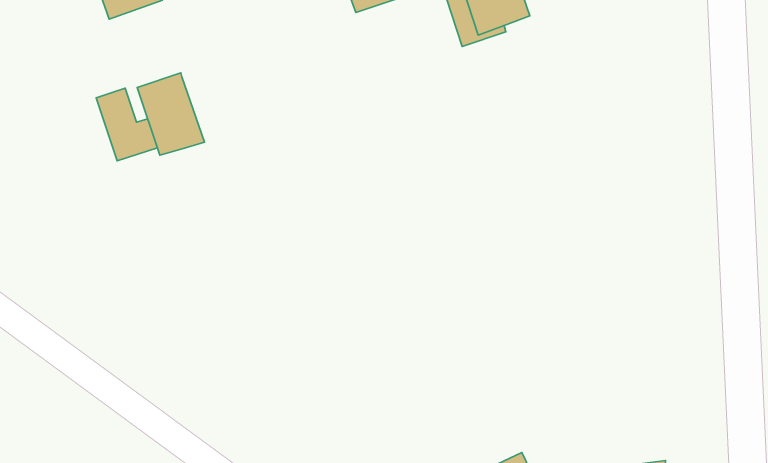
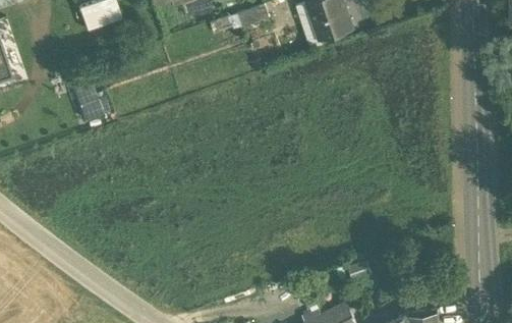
building: [137,73,205,155] -> none

